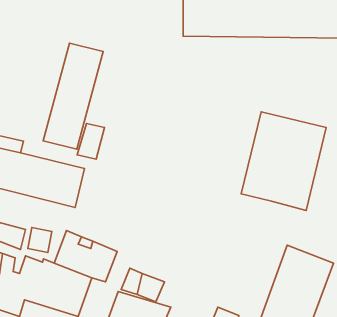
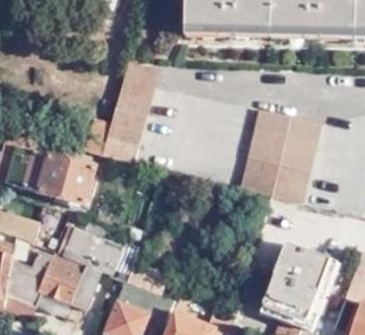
building: [43,43,103,149] -> [102,63,160,165]

